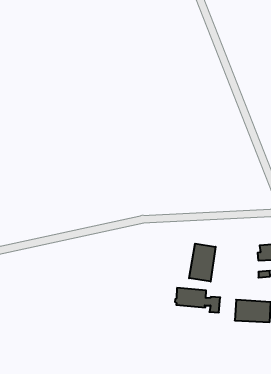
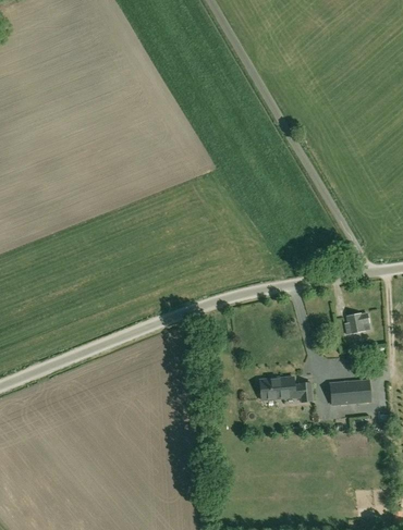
building: [189,244,216,282] -> none

